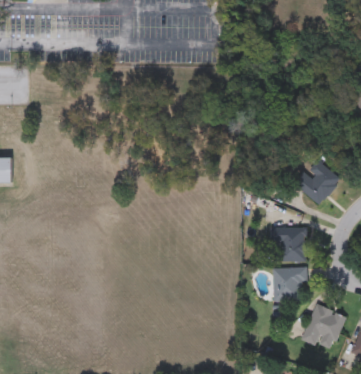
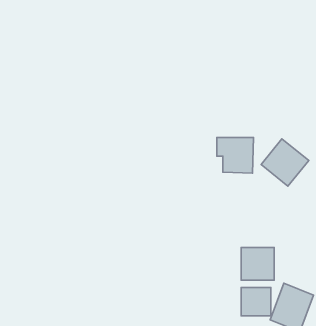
building: [270,225,307,261] -> [217,138,253,173]
building: none -> [241,287,271,316]

